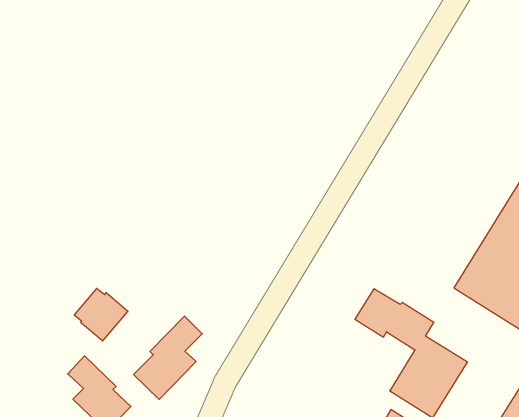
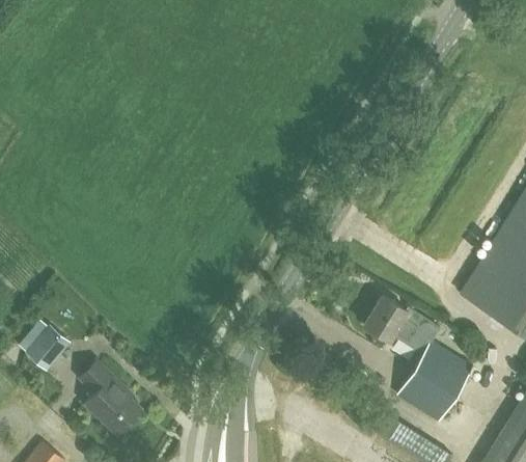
building: [74,288,128,341] -> [19,321,72,373]
building: [134,316,202,399] -> none

